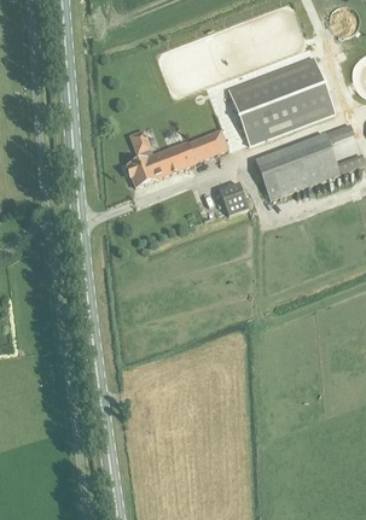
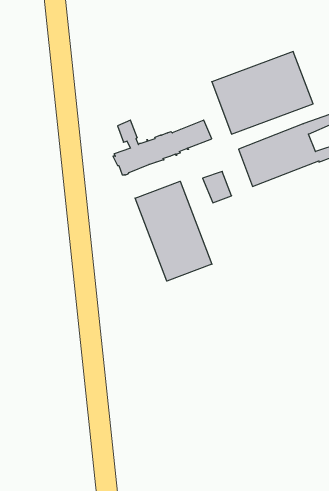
building: none -> [135,181,212,281]

